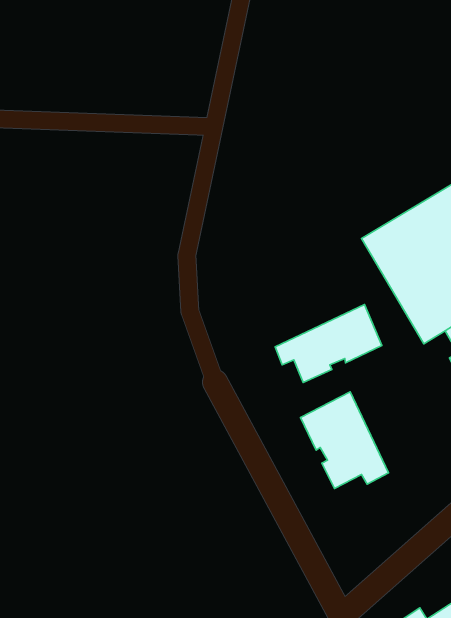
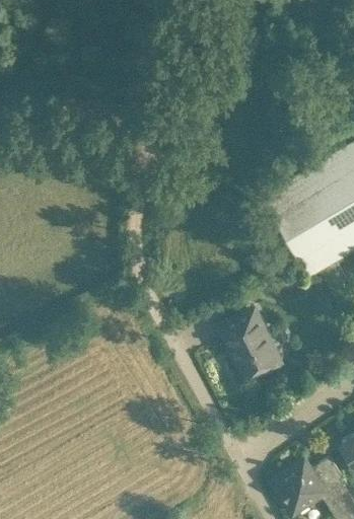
building: [275,304,382,383] -> none

